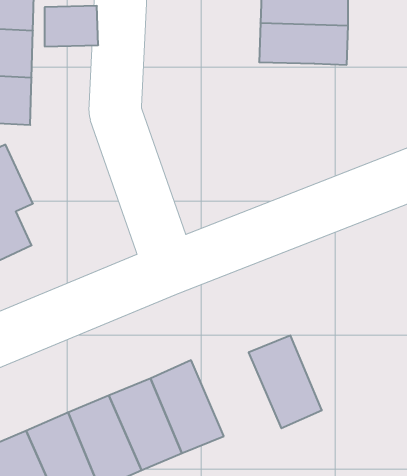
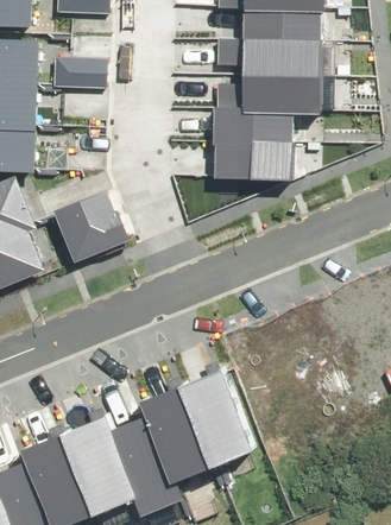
building: none -> [210,106,294,181]
building: none -> [42,204,114,271]
building: [249,335,322,428] -> [182,362,248,447]

